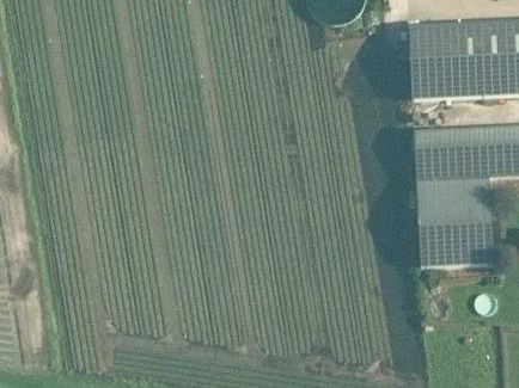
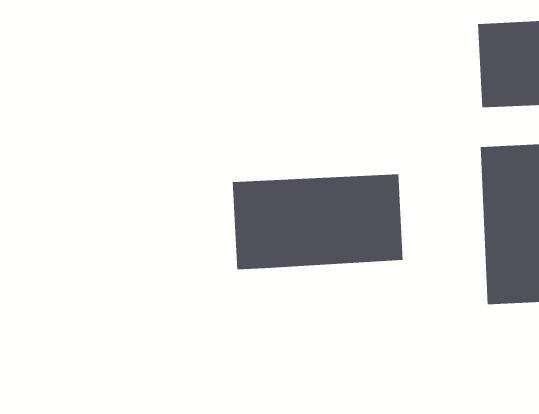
building: none -> [232,174,403,270]

